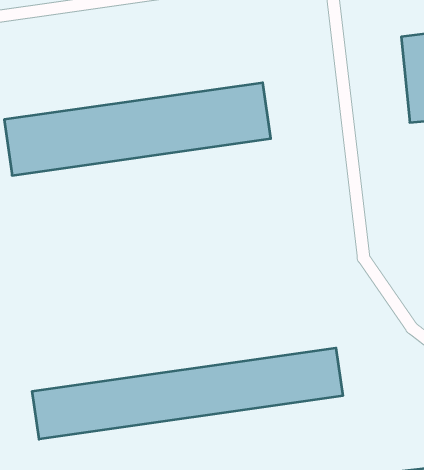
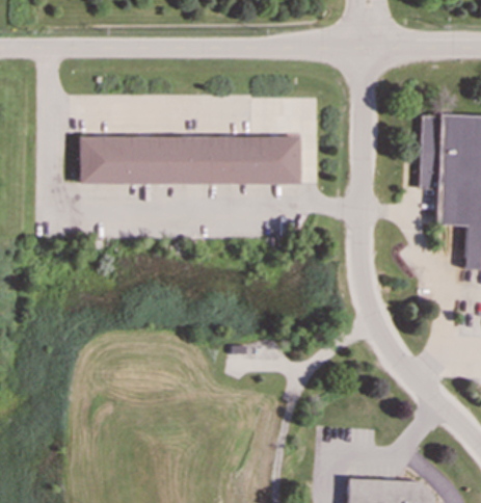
building: [32,348,343,439] -> none

